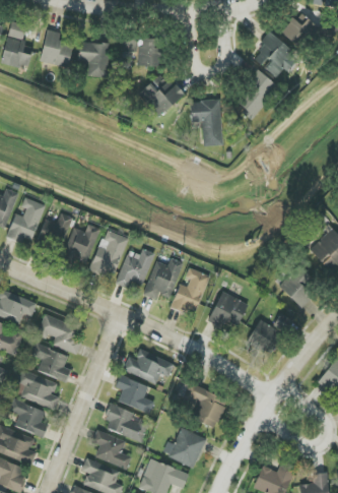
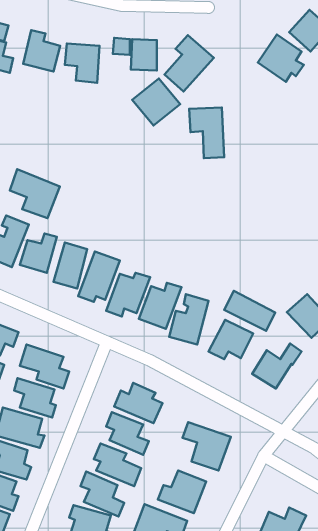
building: [233,66,278,117] -> [164,35,214,91]
building: none -> [10,169,60,218]
building: none -> [224,291,275,331]

